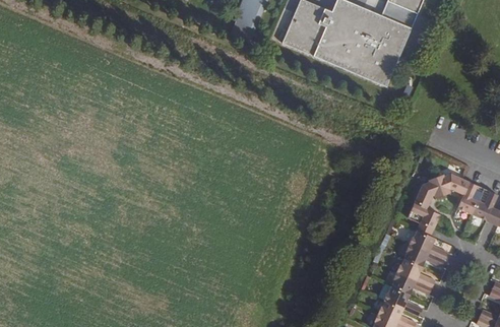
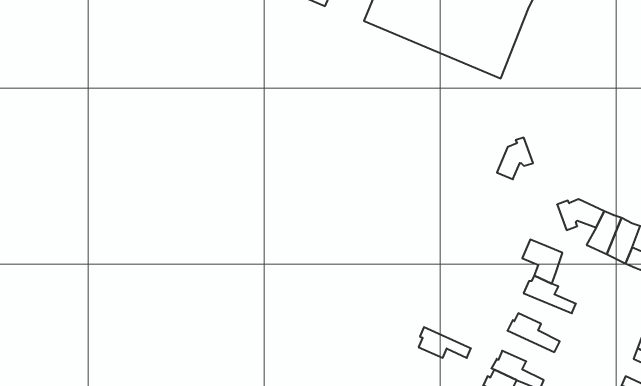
building: [410,180,437,211] -> [497,138,533,179]
building: [400,247,441,270] -> none
building: [388,275,428,299] -> [419,327,471,358]

